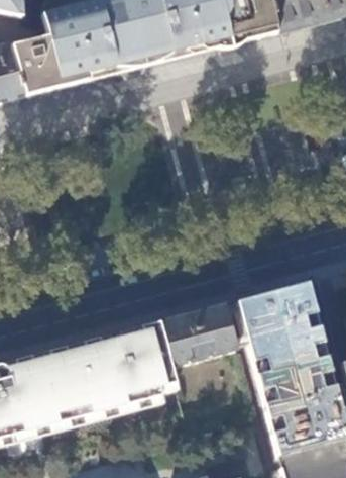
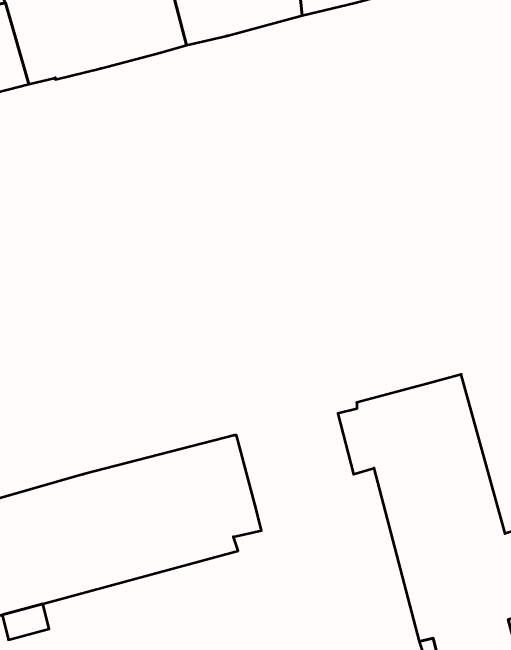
building: [162,304,239,368] -> none

